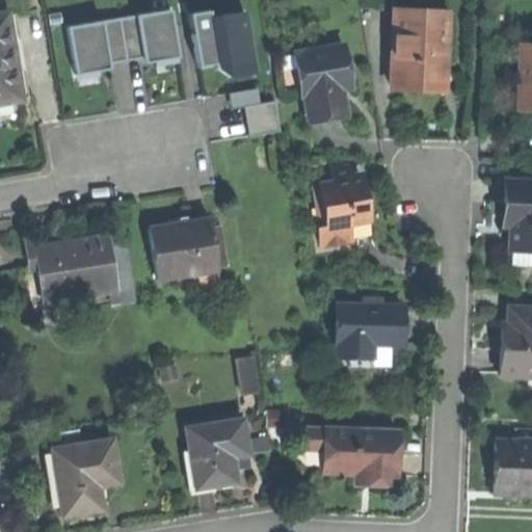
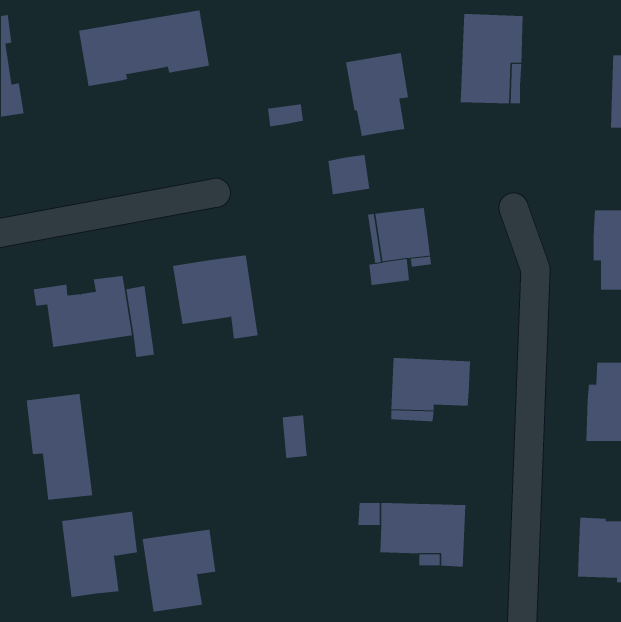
building: [190,9,256,75] -> none
building: [245,101,282,135] -> [327,155,370,195]
building: none -> [26,393,93,500]
building: [187,418,250,488] -> [142,529,216,612]

